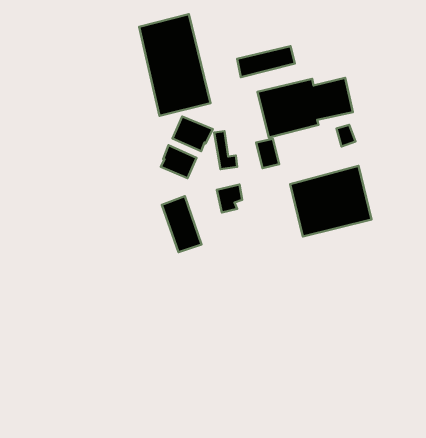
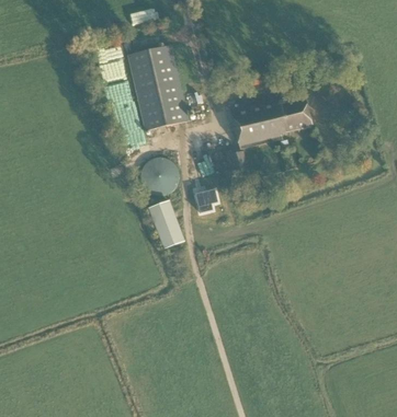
building: [237,46,295,77] -> none
building: [173,116,213,151] -> none
building: [290,166,372,237] -> none

